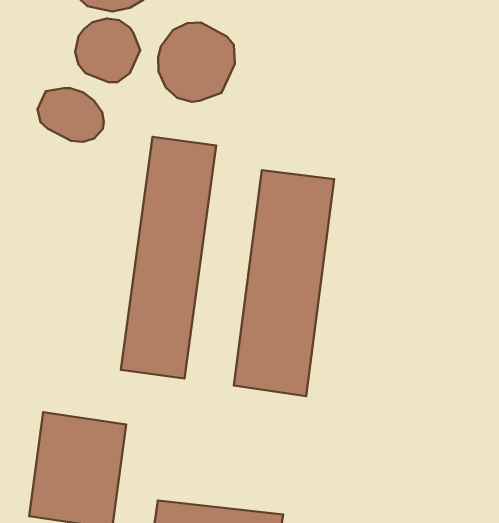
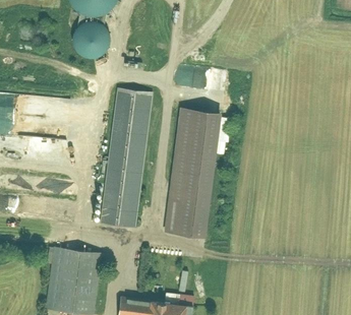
building: [158,22,235,102] -> none
building: [38,88,104,142] -> none

